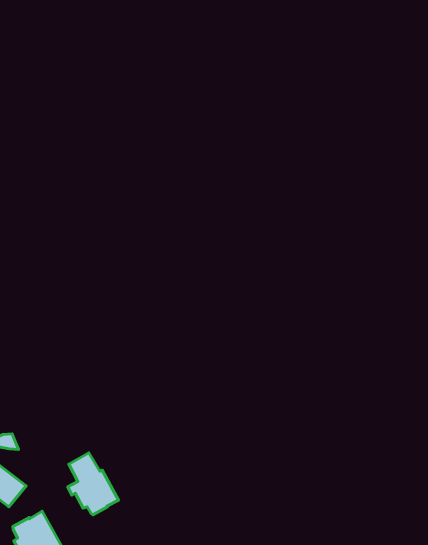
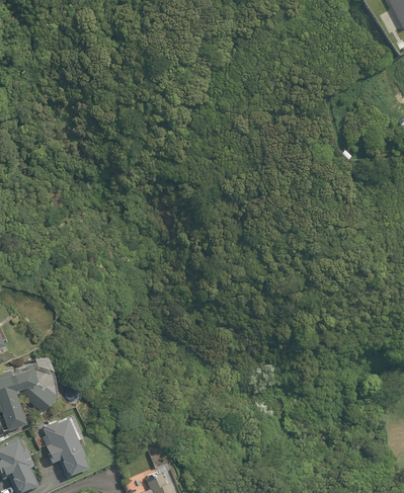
building: [68,453,118,515] -> none

